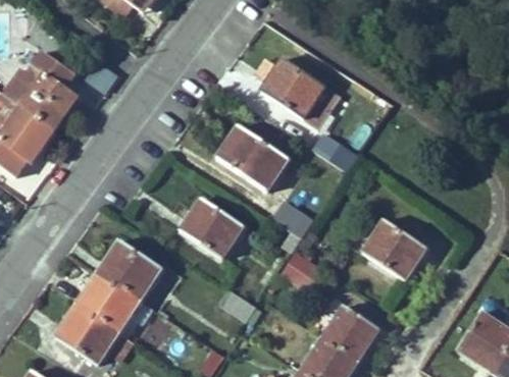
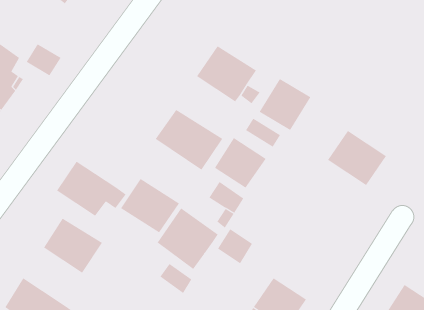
building: none -> [259,78,311,131]
building: none -> [214,137,267,189]
building: [363,219,426,278] -> [327,130,387,186]
building: none -> [157,207,219,270]
building: [78,272,152,331] -> [56,161,126,217]

